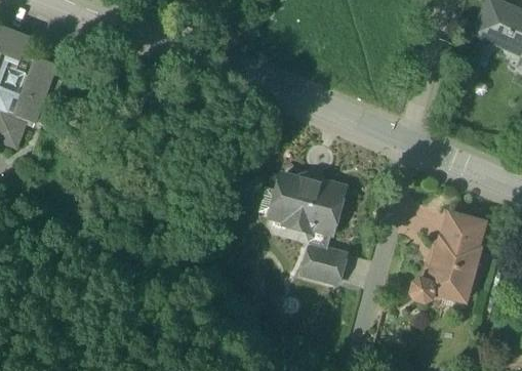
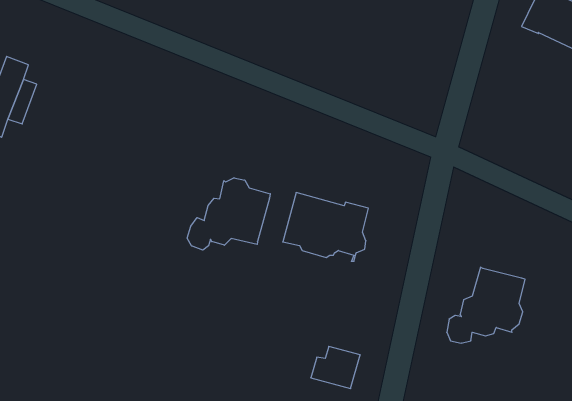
building: none -> [187,178,270,250]
building: [441,212,481,246] -> none
building: [303,246,345,282] -> [311,346,360,389]

